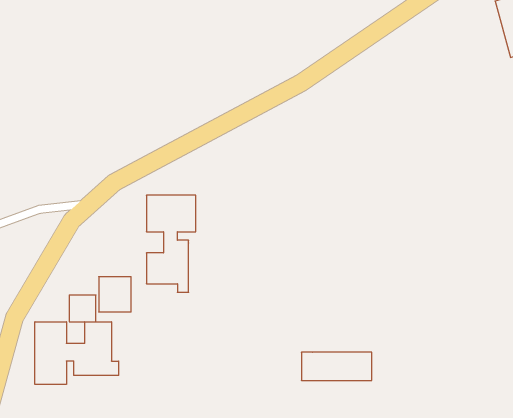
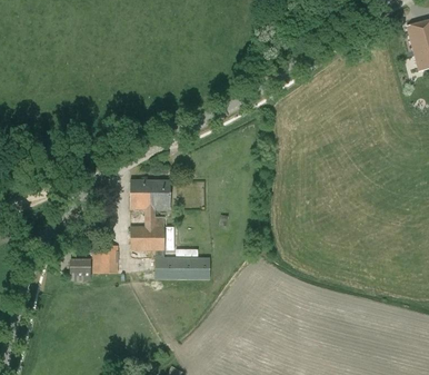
building: [35,322,119,384] -> none
building: [301,352,372,380] -> [154,257,210,279]

